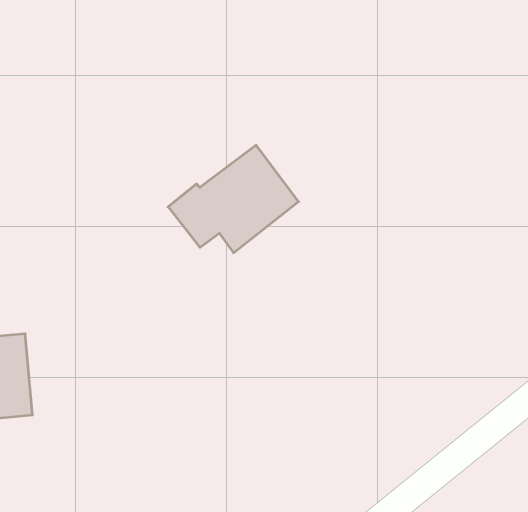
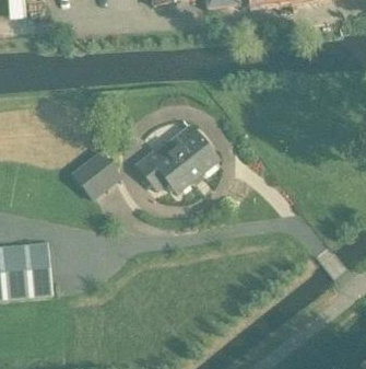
building: none -> [73,151,120,198]

